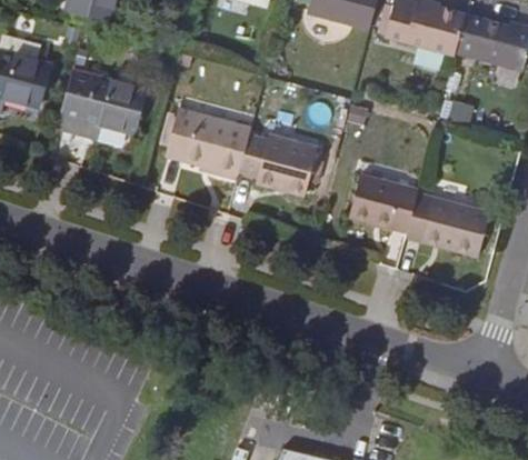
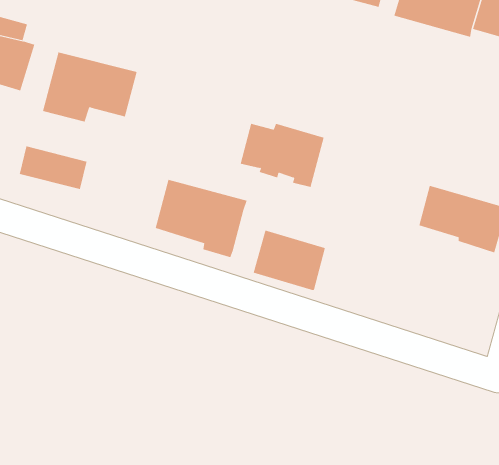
building: [166,107,252,180] -> [155,179,248,258]
building: none -> [19,146,87,190]
building: [348,176,416,232] -> [253,230,325,291]

